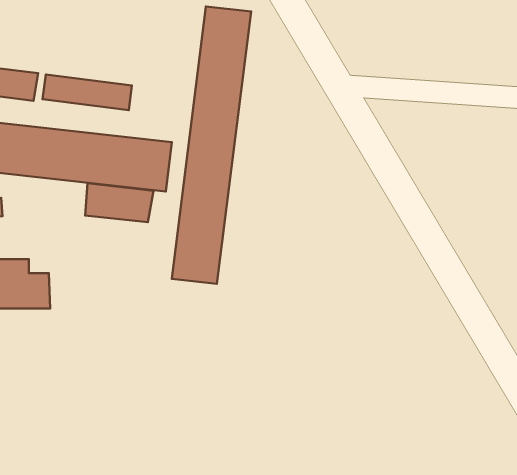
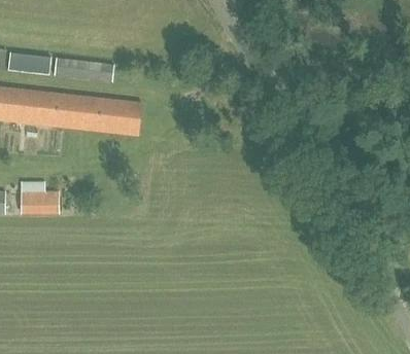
building: [172,6,251,284] -> none
building: [85,183,153,222] -> none

